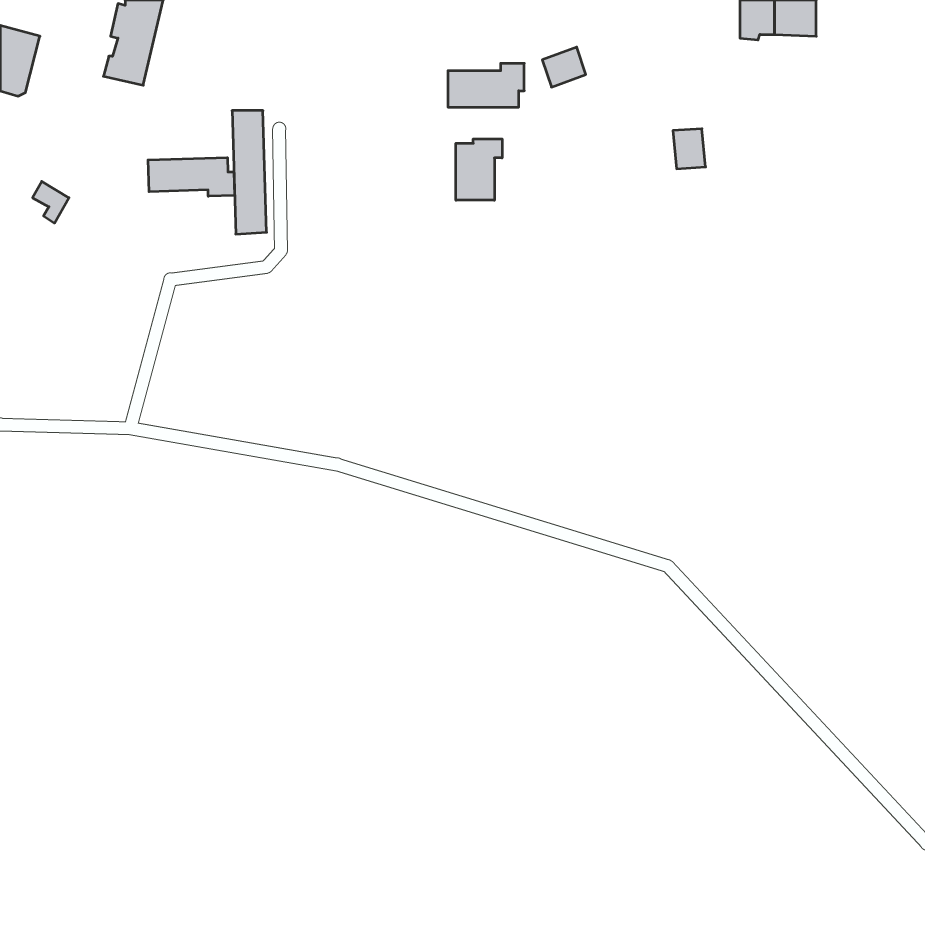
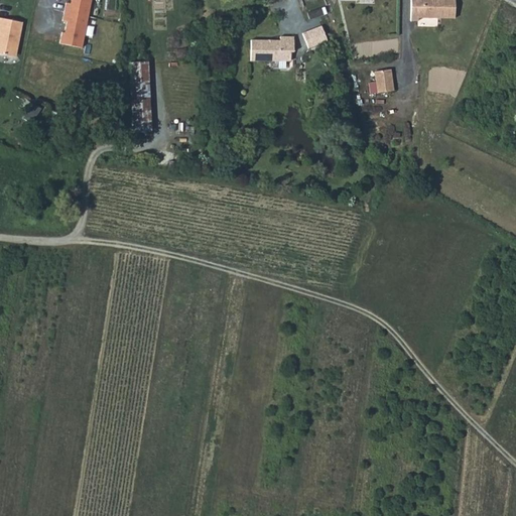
building: [456,139,502,200] -> none
building: [148,158,235,196] -> none

